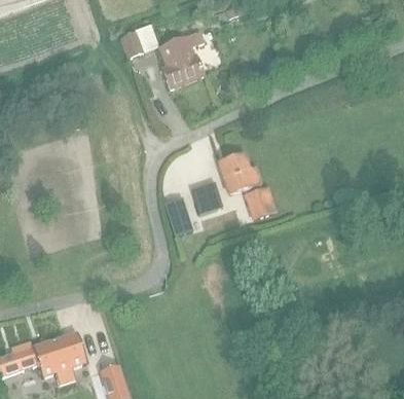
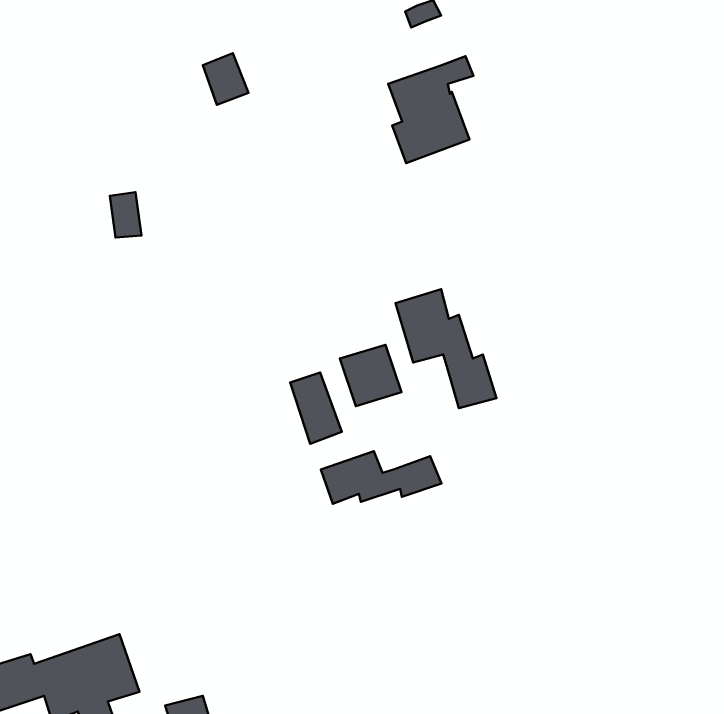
building: [160,31,205,86] -> [388,56,474,163]
building: none -> [321,451,441,504]

